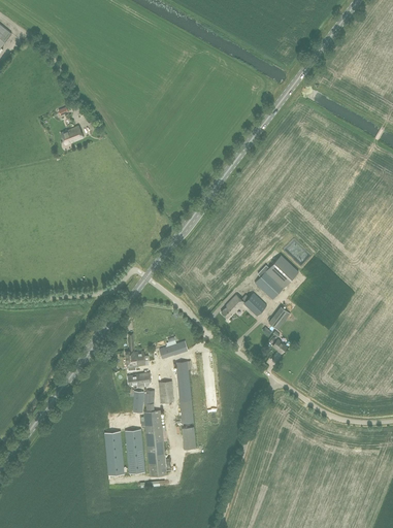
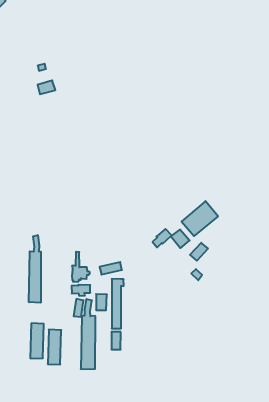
building: none -> [29,235,41,303]
building: [125,429,143,473] -> [30,323,44,358]

